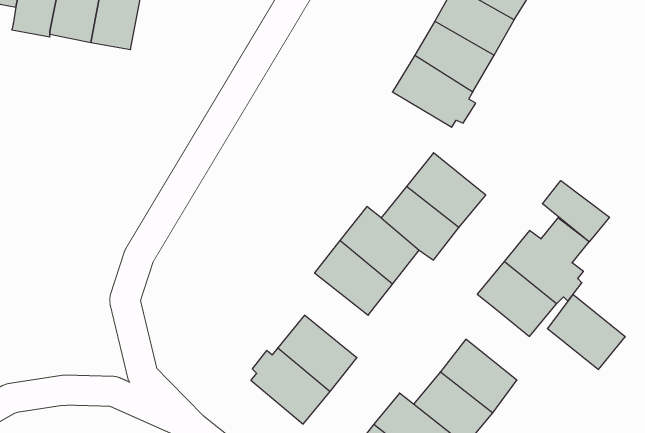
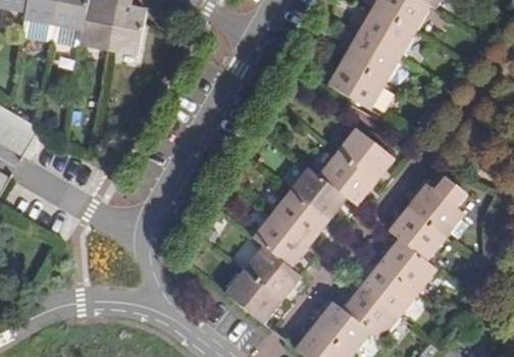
building: [542,181,609,242] -> none
building: none -> [250,207,309,267]
building: [547,295,625,369] -> [379,238,435,292]

